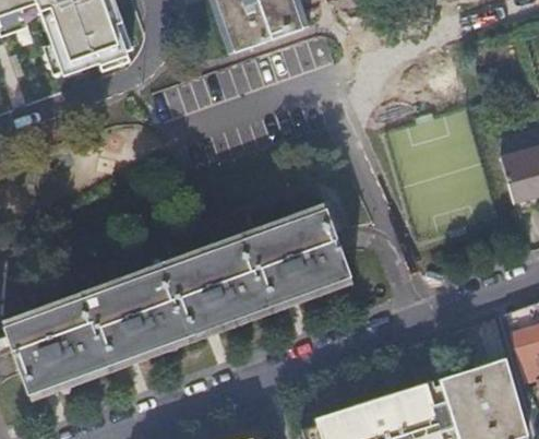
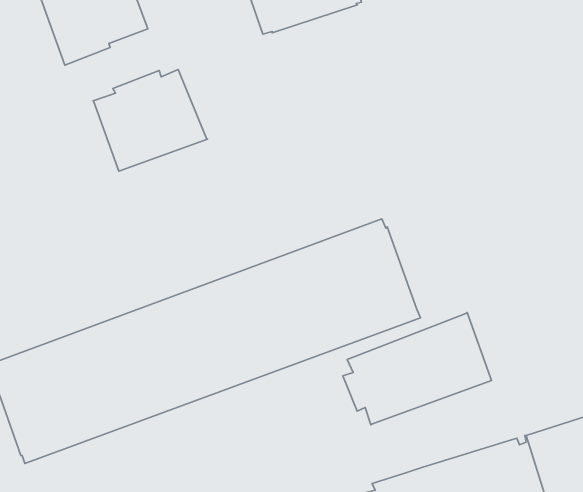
building: none -> [93,70,207,171]
building: none -> [343,313,491,425]

